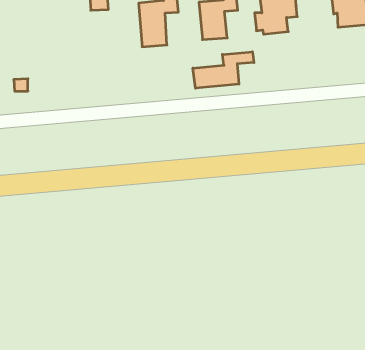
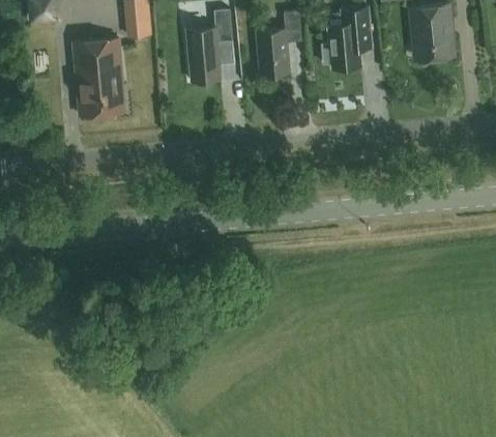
building: none -> [76,41,124,118]
building: [193,52,254,88] -> none

